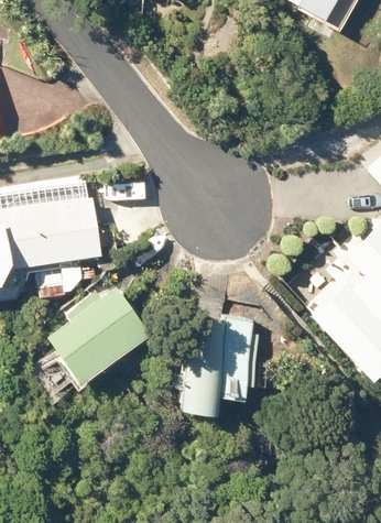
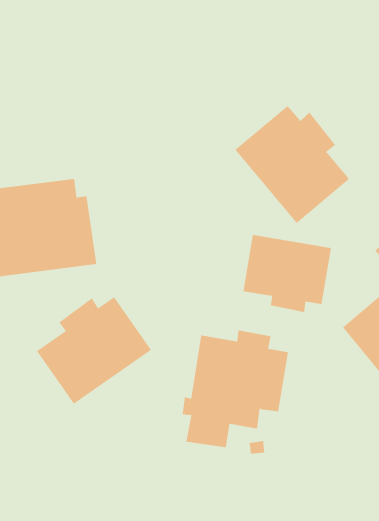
building: none -> [234,105,350,224]
building: none -> [243,234,332,313]

